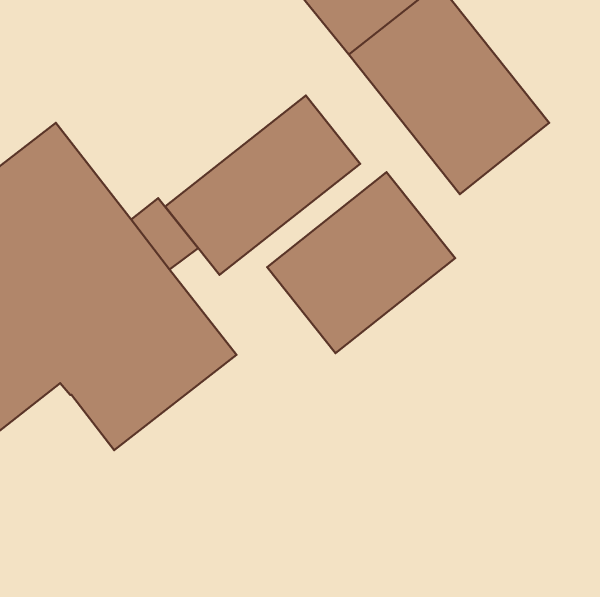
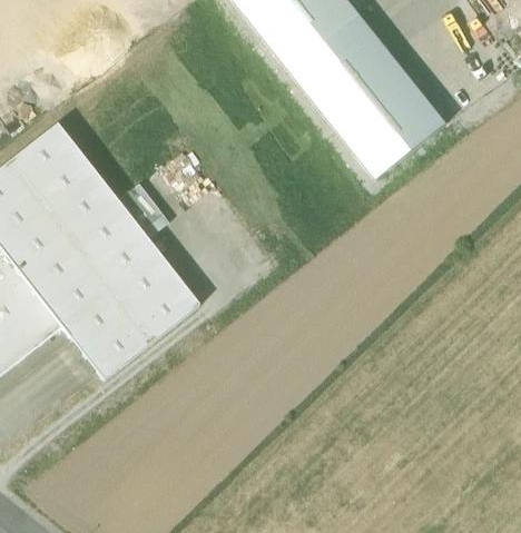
building: [165,95,360,275] -> none
building: [267,172,455,353] -> none

